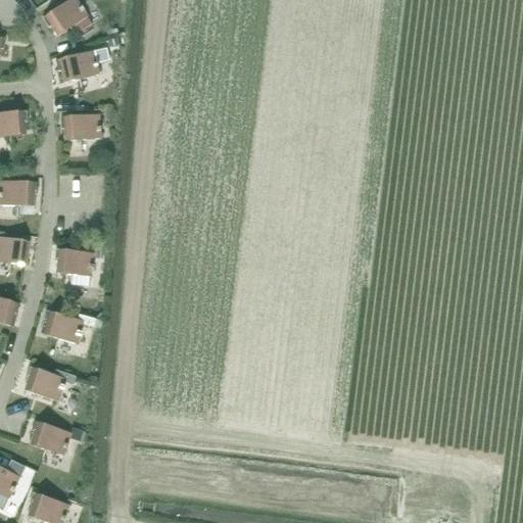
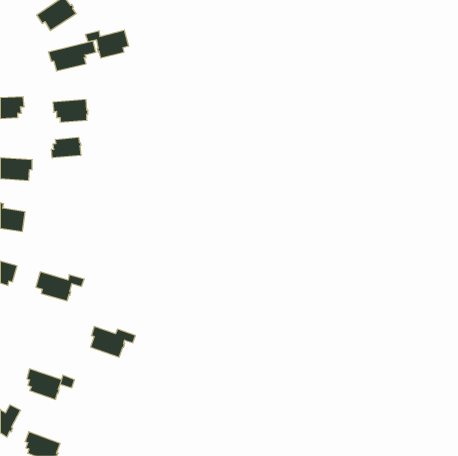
building: none -> [86,30,128,58]
building: none -> [52,137,81,158]
building: [54,248,93,285] -> none
building: [25,366,76,400] -> [91,327,135,357]

